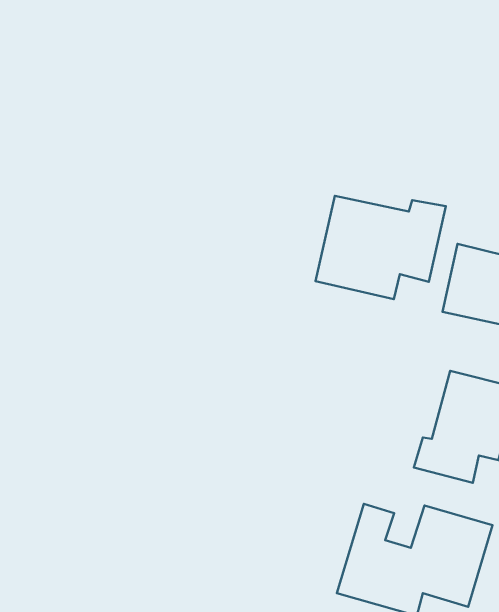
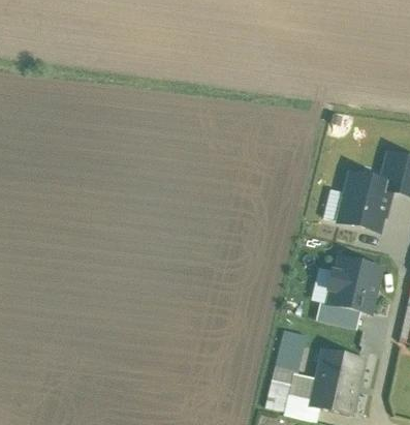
building: [315,196,446,299] -> none

